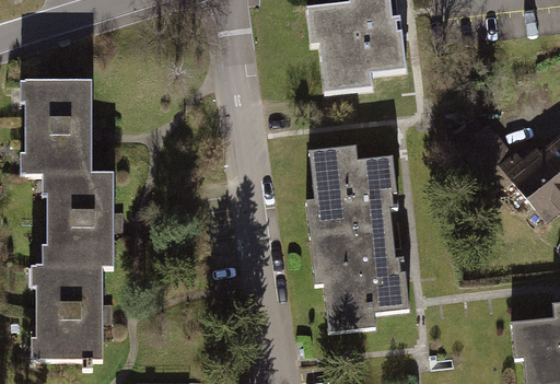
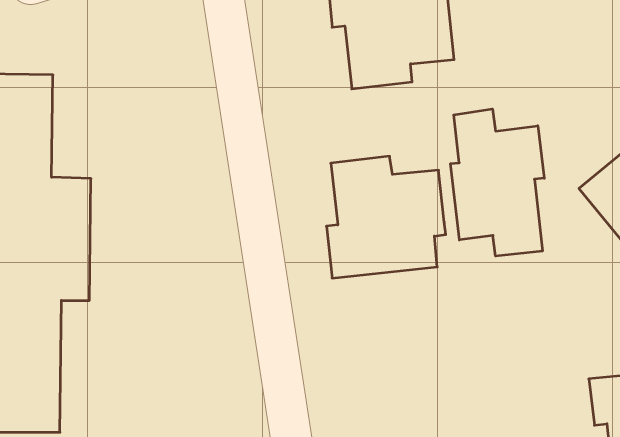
building: none -> [451,109,544,256]
building: [311,231,409,331] -> none

